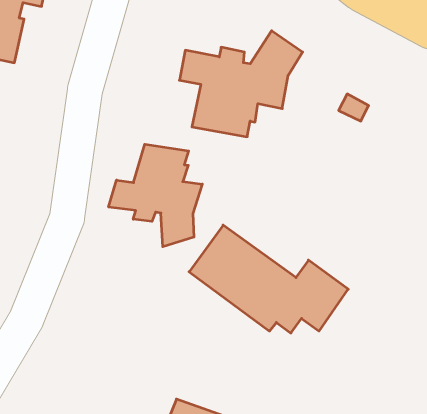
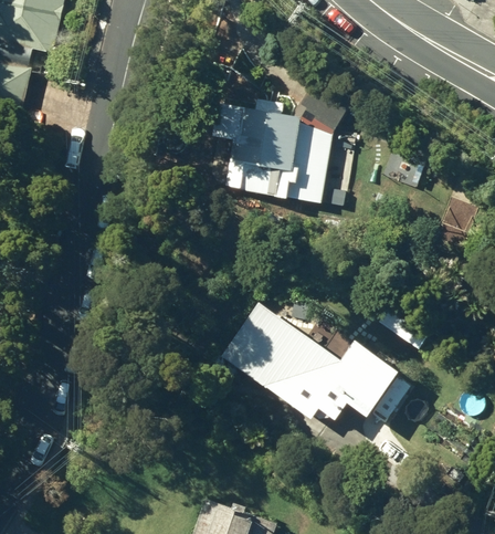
building: [109,144,202,247] -> none

